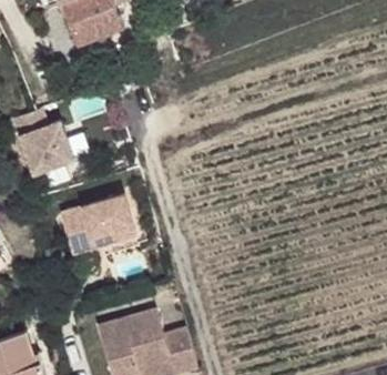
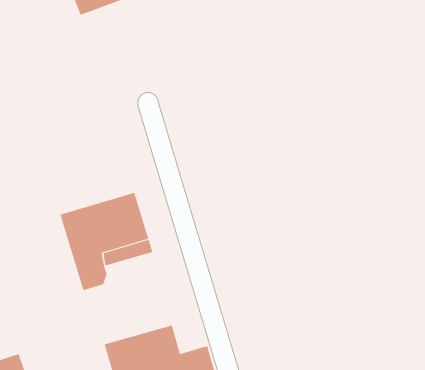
building: [14,109,75,172] -> none

